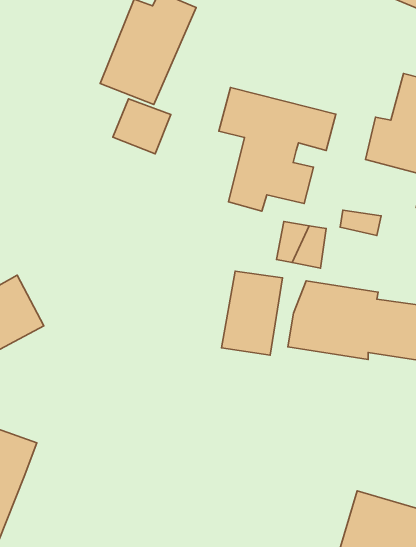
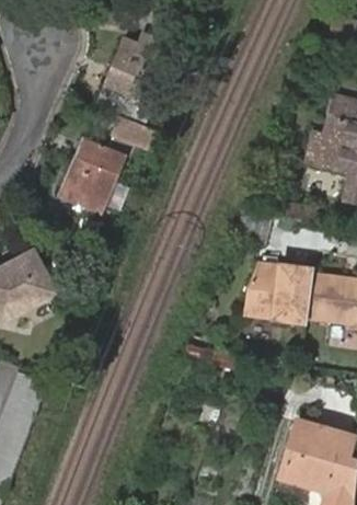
building: [219,87,336,211] -> none
building: none -> [61,139,125,211]
building: [221,271,283,355] -> none

